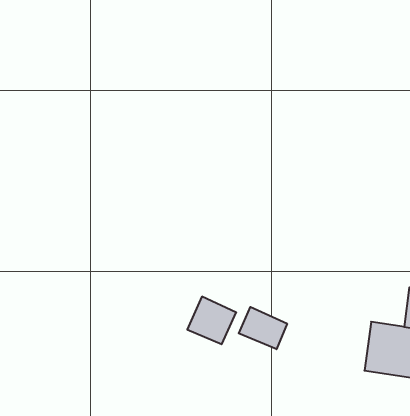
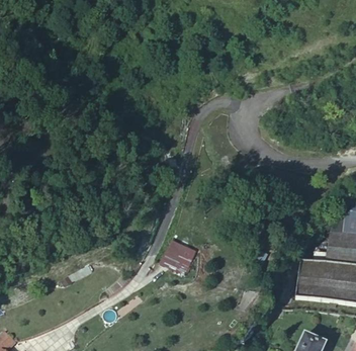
building: [239,307,287,349] -> none

